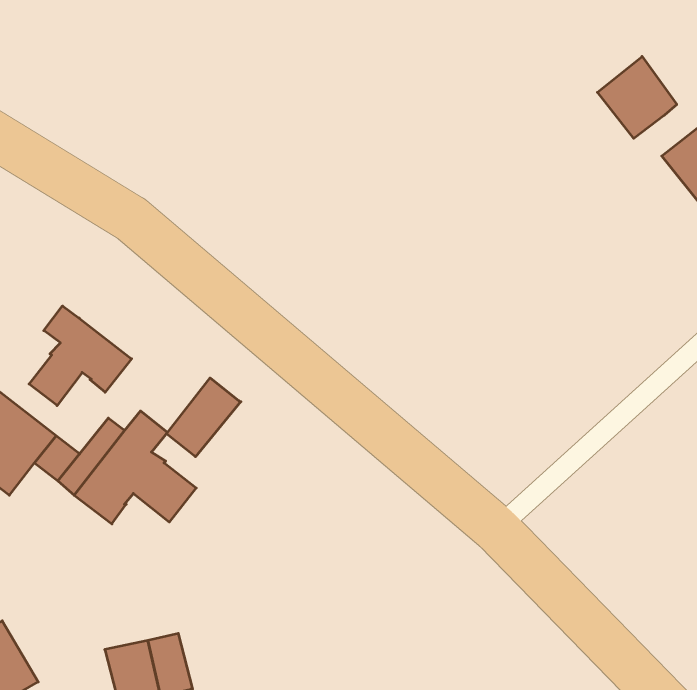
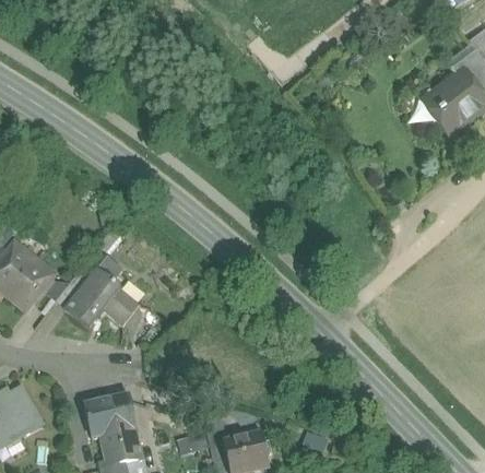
building: [597,56,677,138] -> none
building: [29,306,132,406] -> none
building: [166,378,241,457] -> none

